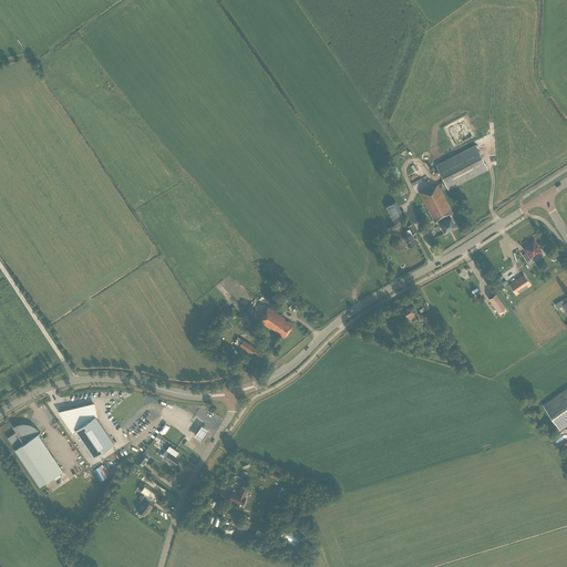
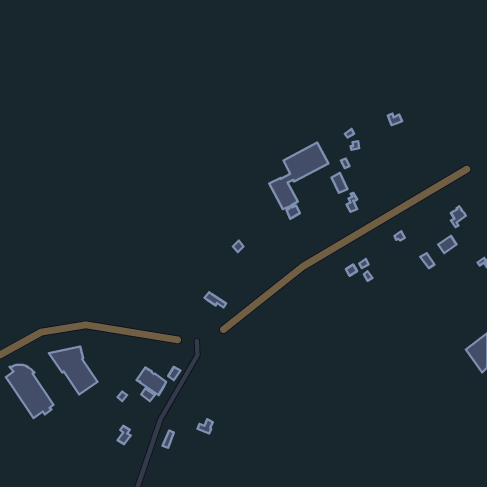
building: [419,144,487,233] -> [269,142,329,219]
building: [258,307,292,337] -> none

